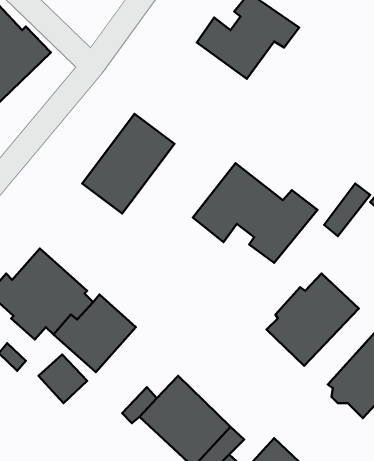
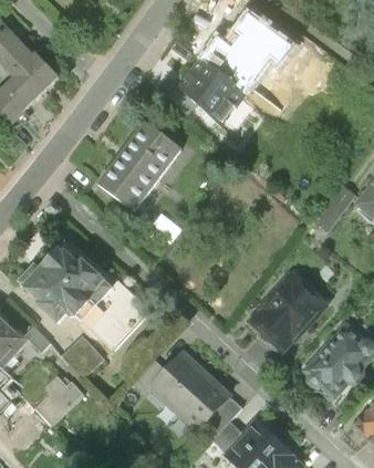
building: none -> [177,60,243,126]
building: [193,163,317,263] -> none
building: none -> [30,376,81,425]

